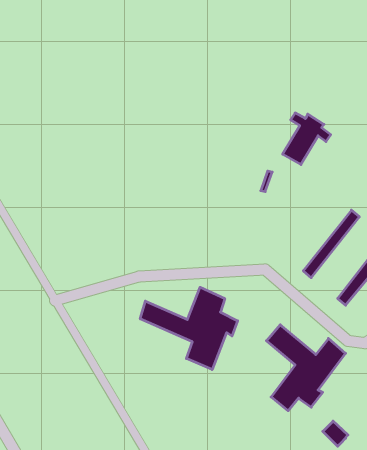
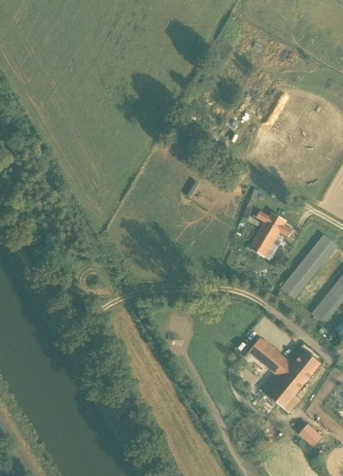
building: [283,113,331,165] -> [248,211,291,258]
building: [140,287,238,370] -> none

